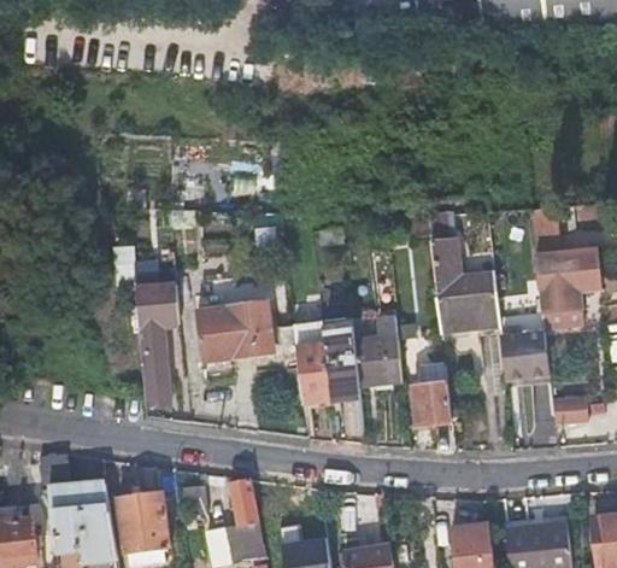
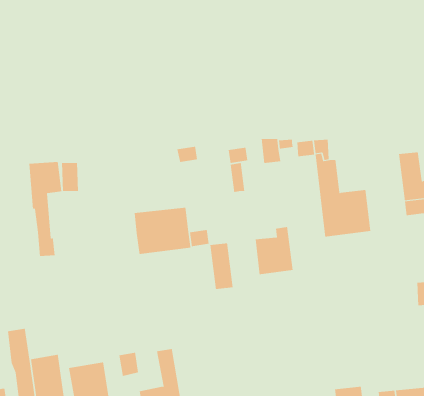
building: [135,281,177,399] -> [28,162,62,256]
building: [321,318,358,393] -> none
building: [496,322,548,377] -> none
building: [410,361,448,422] -> none

